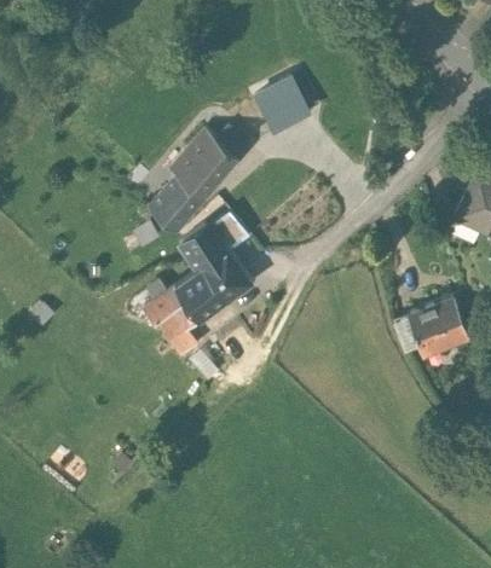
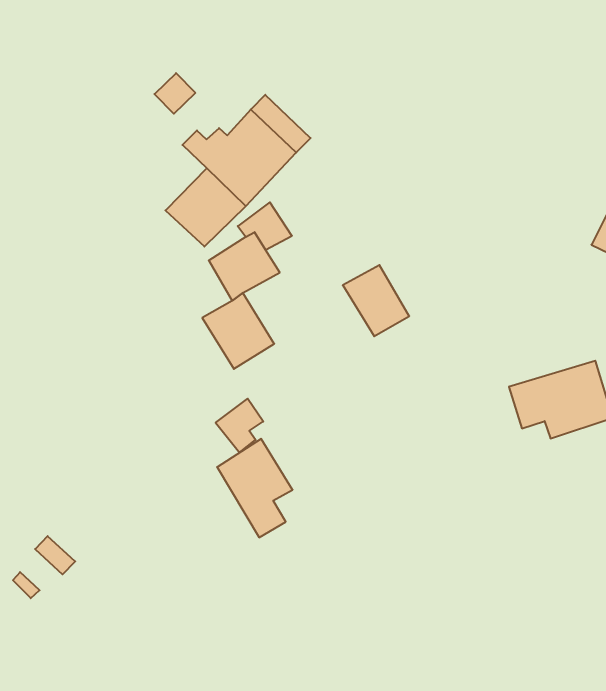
building: [252,69,312,126] -> none
building: [206,251,254,302] -> [343,265,409,336]
building: [148,286,202,357] -> [217,439,293,537]

